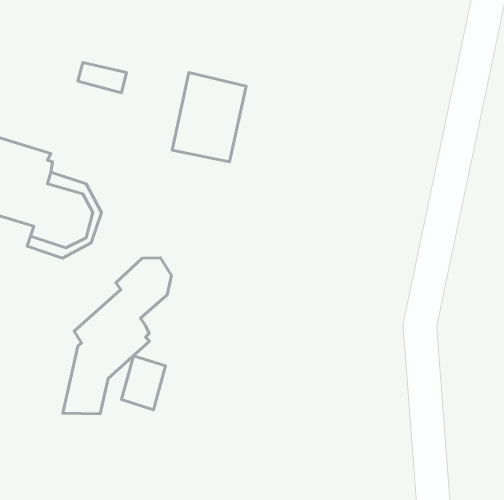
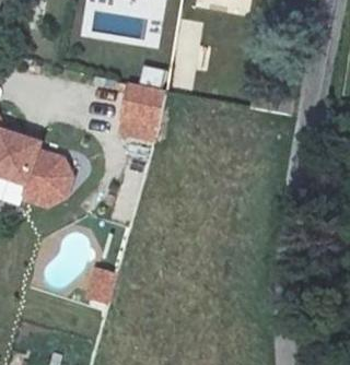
building: [63,258,171,414] -> none

